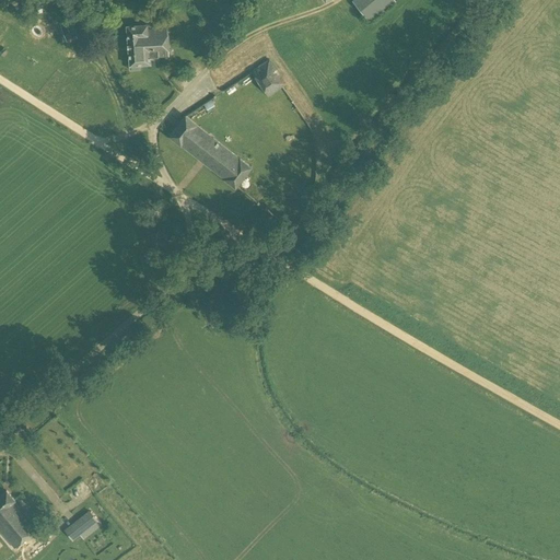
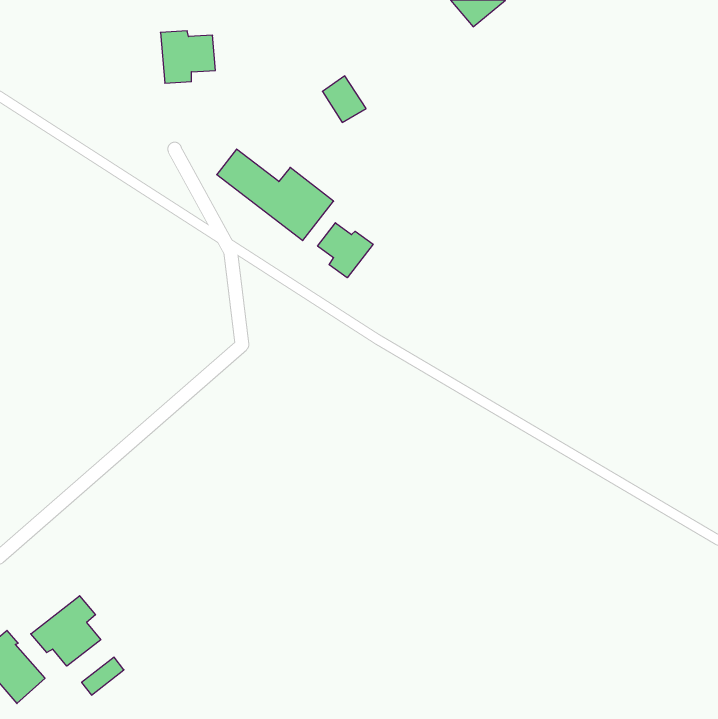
building: none -> [318,223,373,278]
building: none -> [31,596,101,666]

